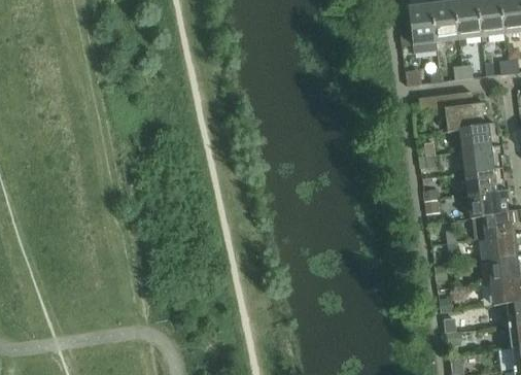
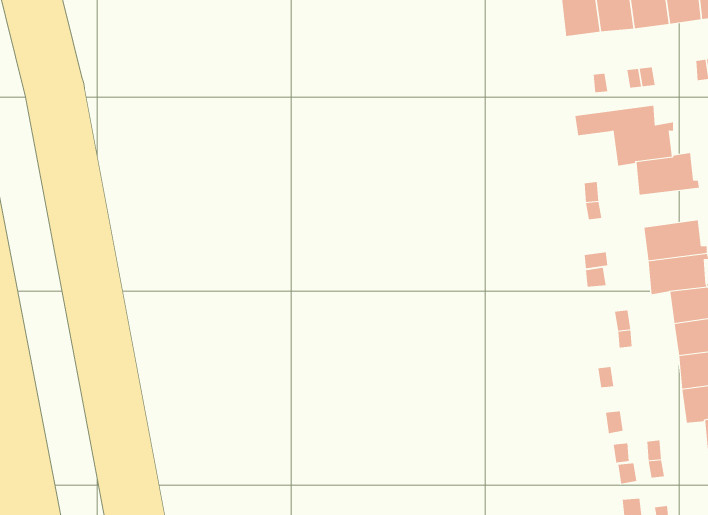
building: [460,146,501,173] -> none

